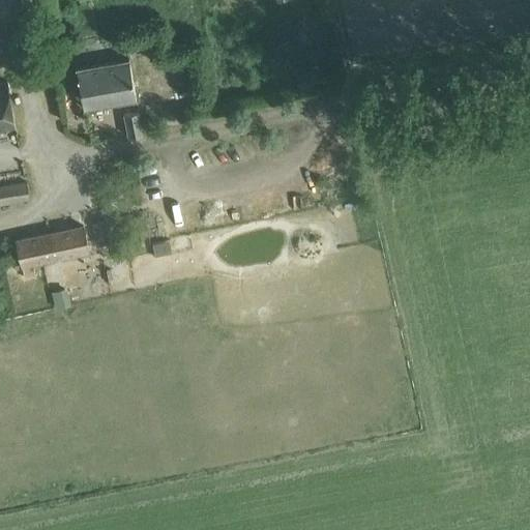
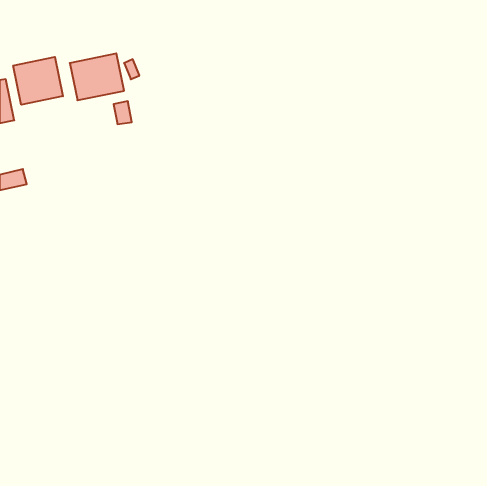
building: none -> [13,57,63,105]
building: [14,228,88,269] -> none

